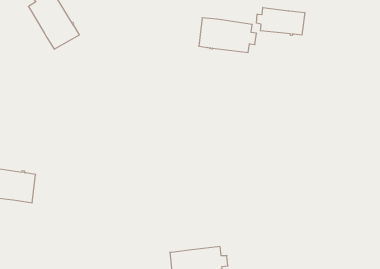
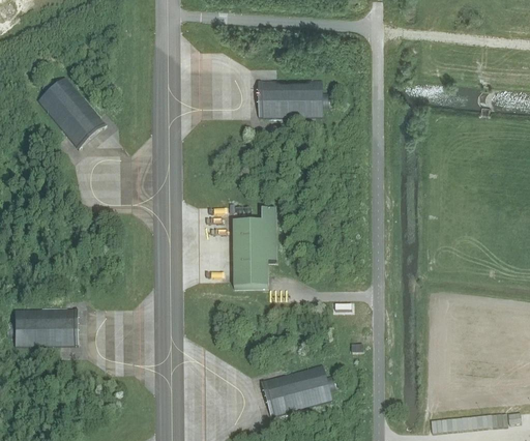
building: [256,7,305,35] -> none
building: none -> [233,209,276,288]

